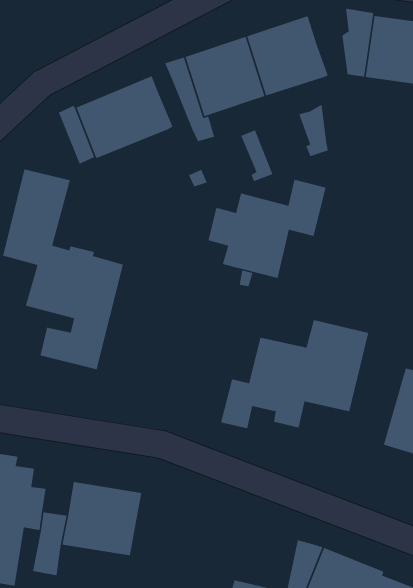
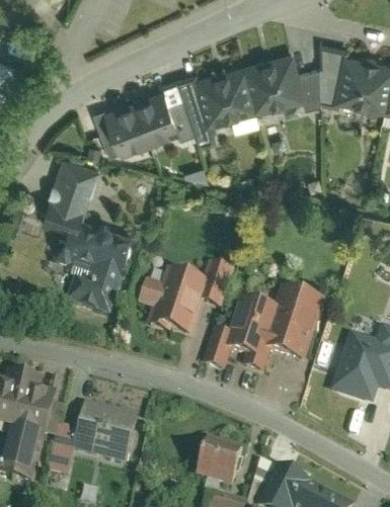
building: [298,103,329,157] -> [298,66,320,107]
building: [240,129,274,182] -> [170,96,194,138]
building: [208,179,327,279] -> [137,262,233,340]
building: none -> [193,438,243,489]

